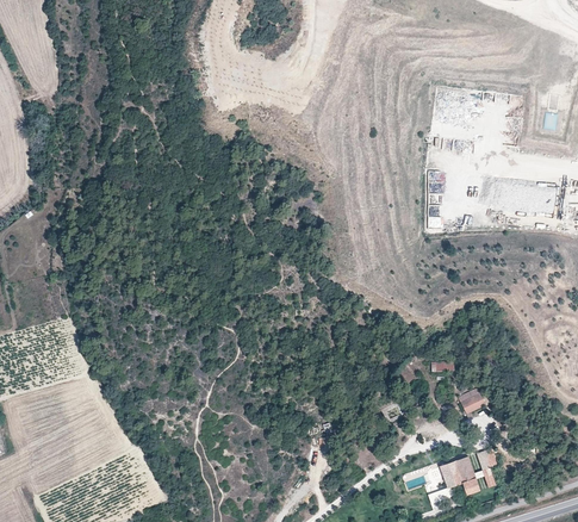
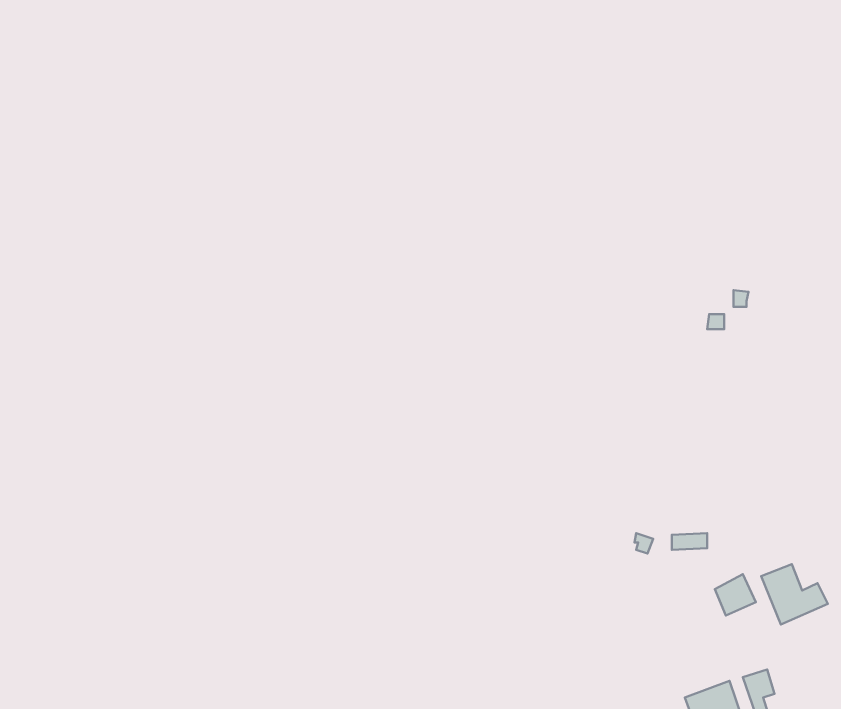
building: none -> [761,564,828,625]

